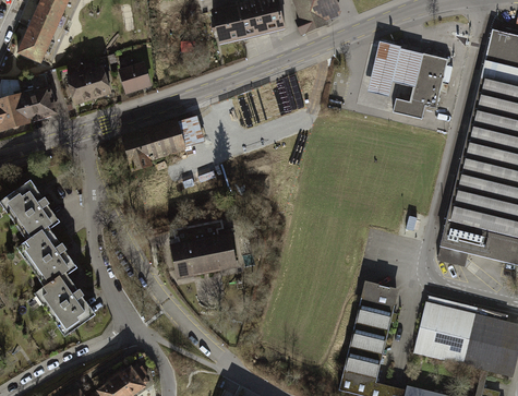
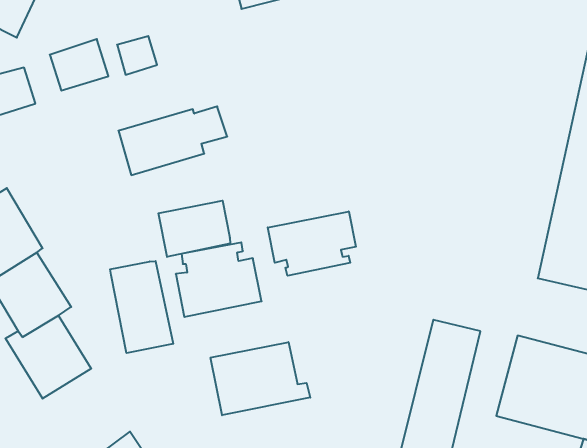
building: [370,39,448,117] -> none
building: none -> [158,201,230,257]
building: none -> [268,211,356,276]
building: none -> [110,261,173,353]
building: none -> [211,342,310,415]

